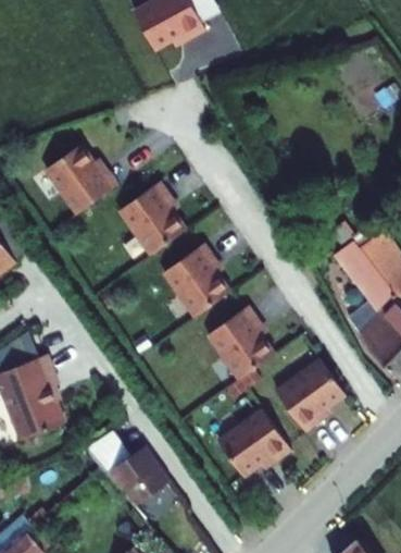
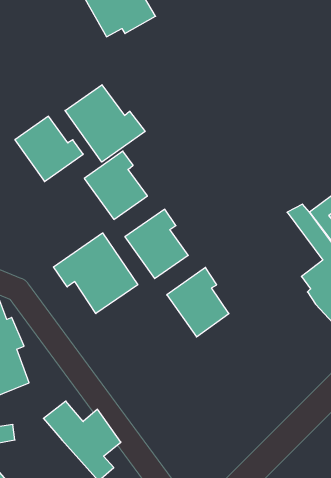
building: none -> [65,85,145,162]
building: none -> [53,233,138,314]
building: [277,359,347,431] -> none
building: [220,409,292,476] -> none

